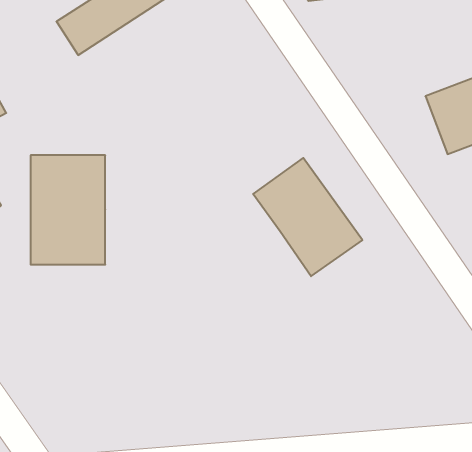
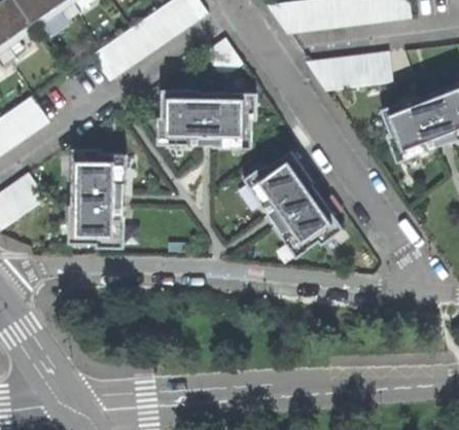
building: none -> [311,52,397,91]
building: none -> [167,96,258,143]

